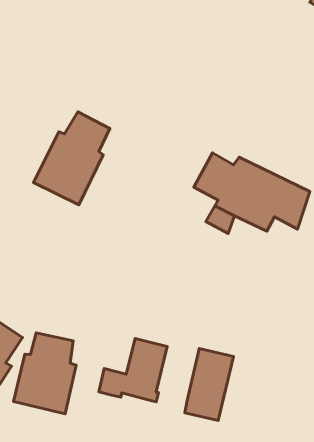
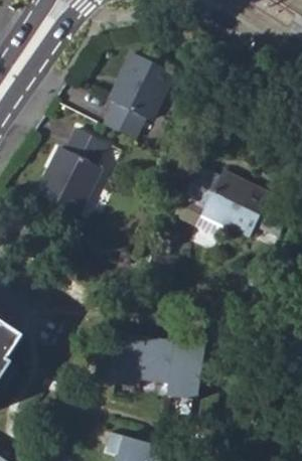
building: none -> [103,52,170,137]
building: [14,333,76,414] -> none
building: none -> [146,342,184,392]

